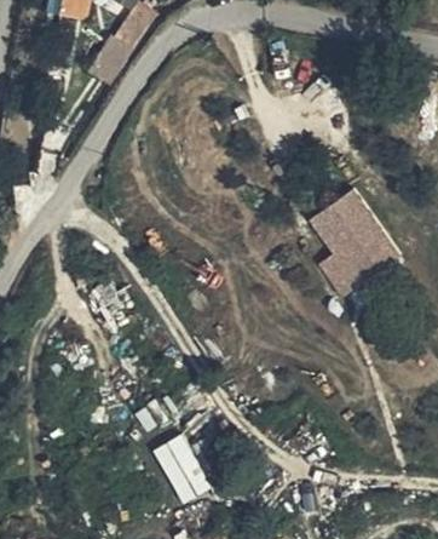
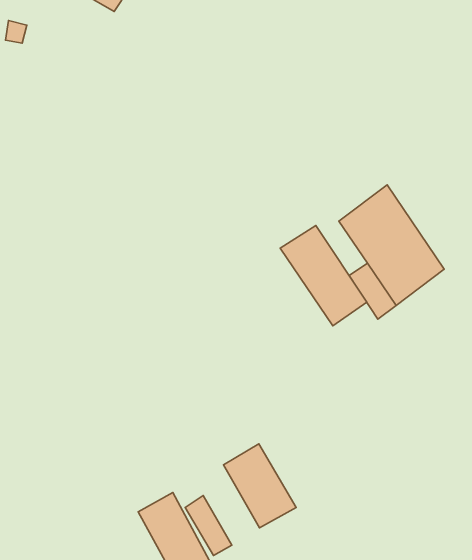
building: none -> [280,225,367,326]
building: none -> [224,444,296,528]

